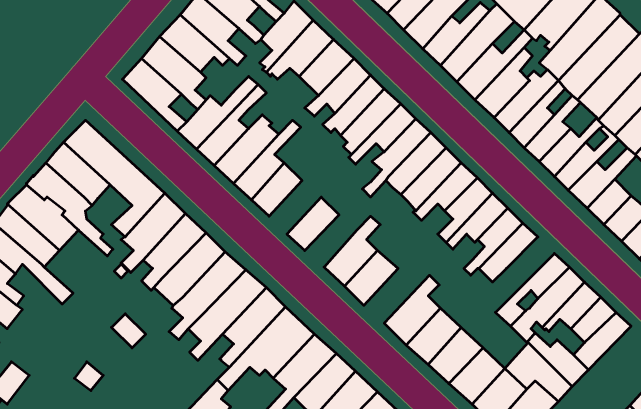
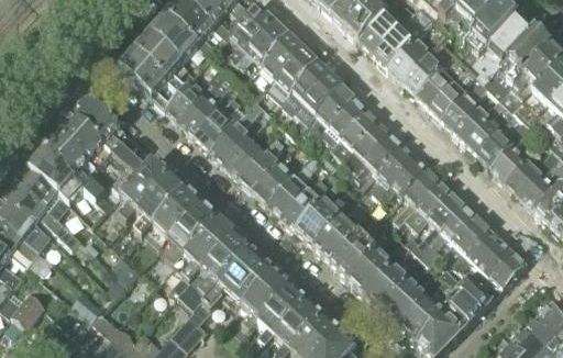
building: none -> [239,135,284,190]
building: none -> [267,154,320,216]
building: none -> [407,192,467,253]
building: none -> [314,216,367,261]

